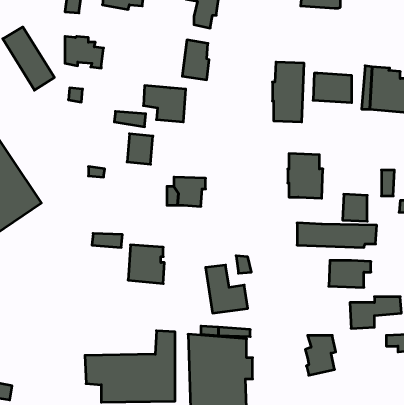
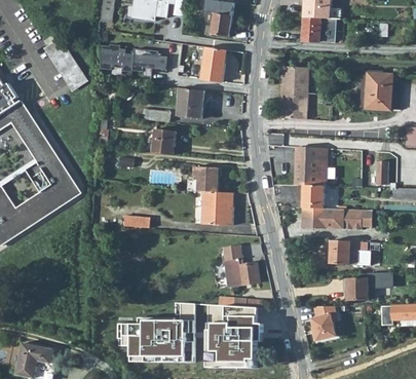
building: none -> [130,49,166,72]
building: [313,73,352,103] -> [301,17,335,43]
building: [343,194,367,221] -> [302,185,324,209]
building: [128,245,164,284] -> [200,192,232,226]

